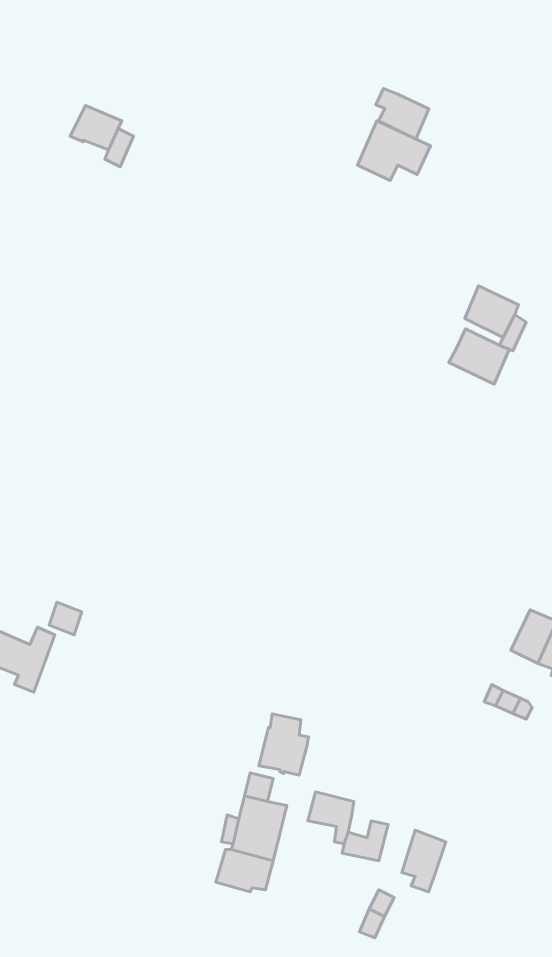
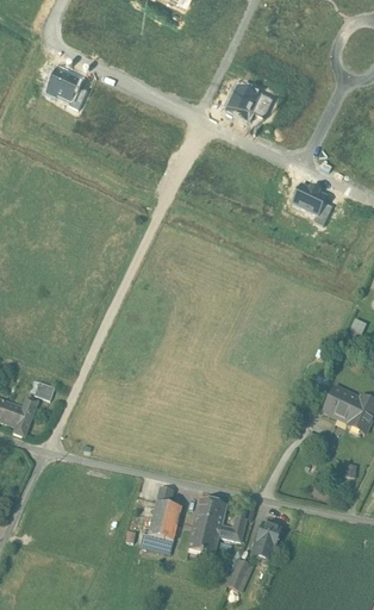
building: [376,88,429,139] -> none
building: [449,329,509,384] -> none
building: [259,714,309,775] -> [187,516,218,554]

